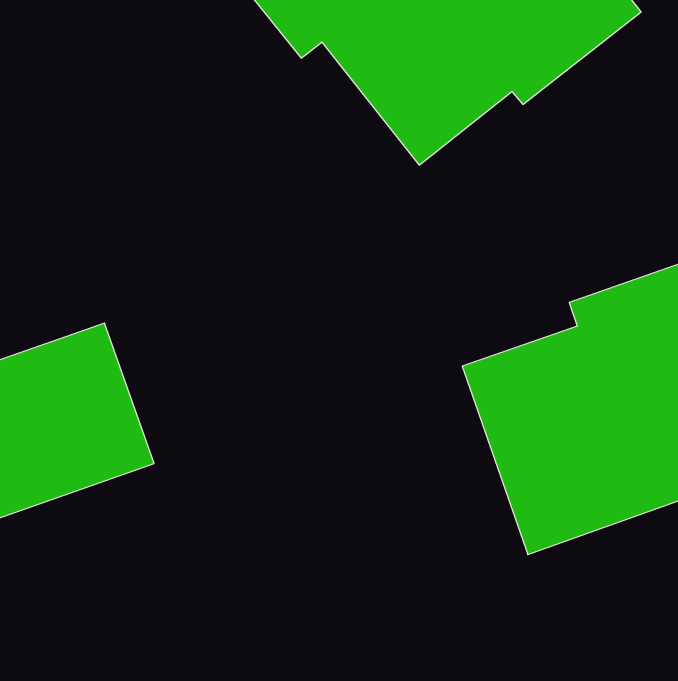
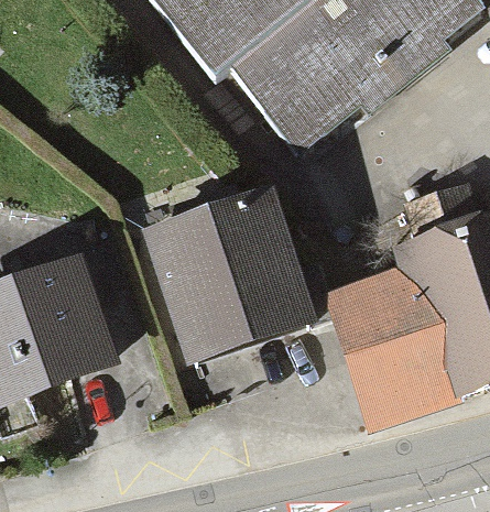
building: none -> [148,192,314,360]

